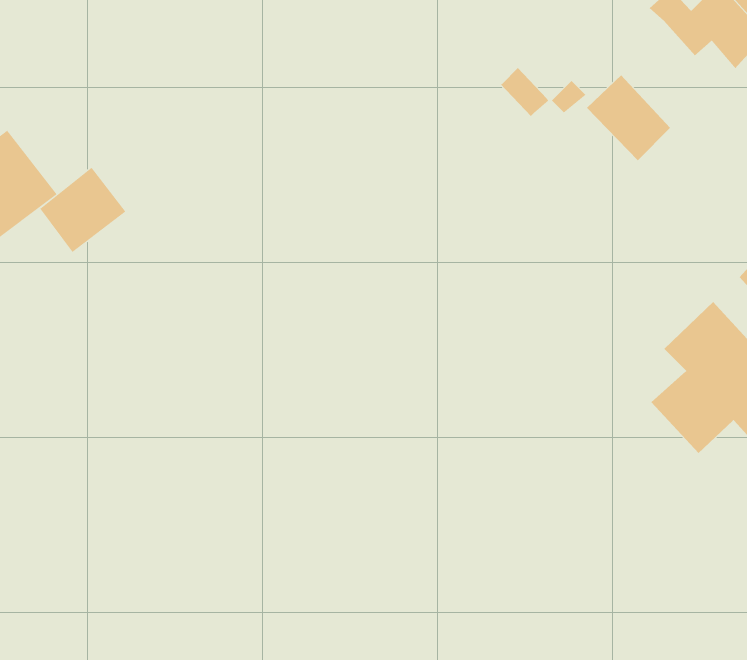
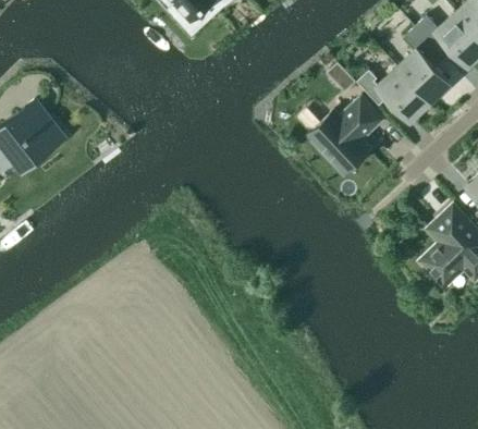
building: none -> [399,29,448,100]
building: none -> [305,95,382,175]
building: [39,167,126,253] -> none

